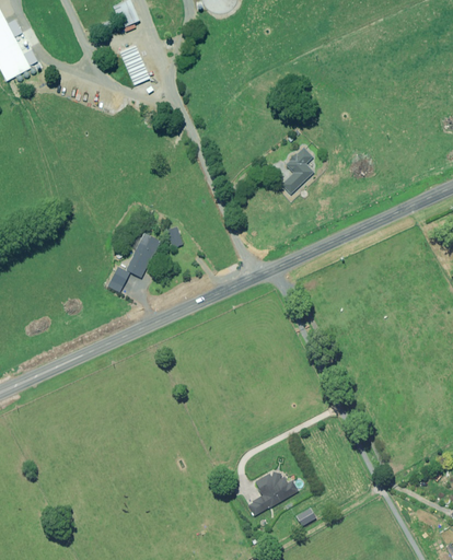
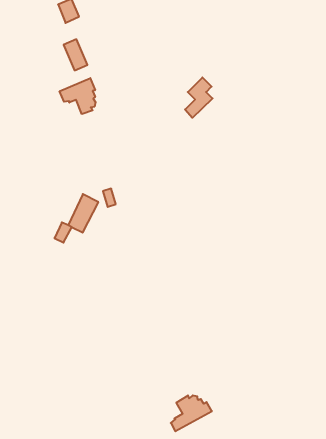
building: none -> [60,78,96,114]
building: [281,145,314,194] -> [185,77,213,118]

